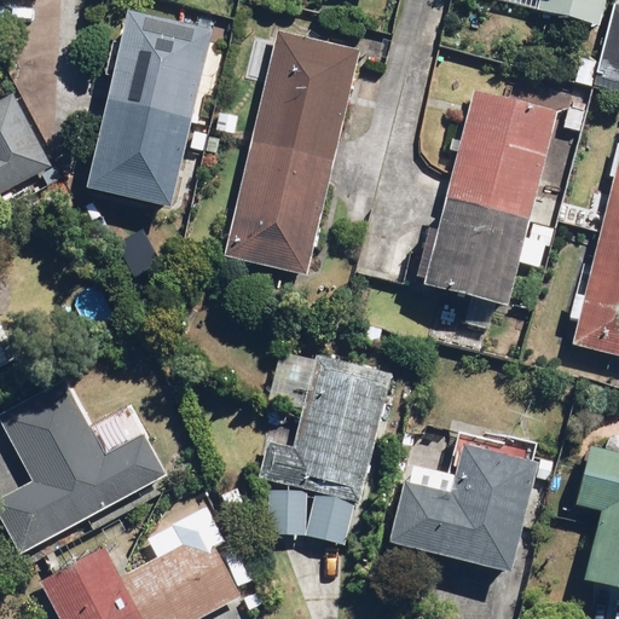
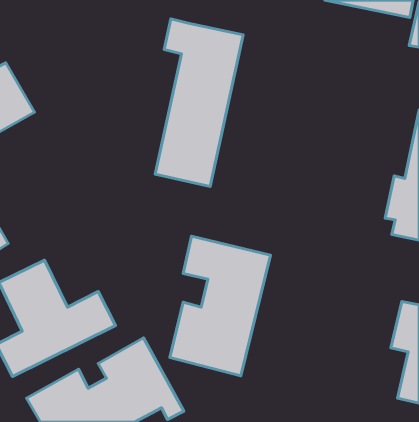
building: [89,8,214,207] -> none
building: [427,89,556,310] -> none
building: [391,444,539,573] -> none

